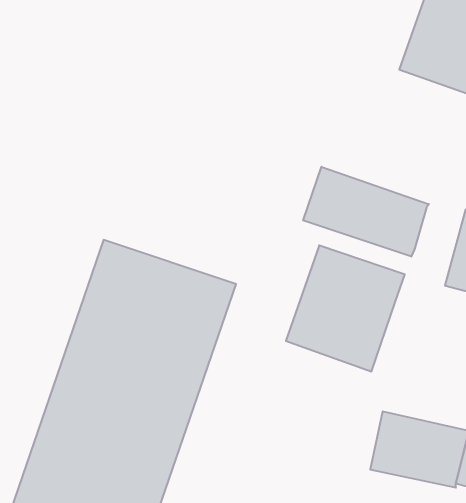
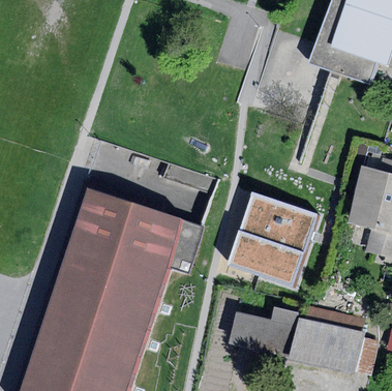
building: [303,167,429,257] -> none
building: none -> [230,307,295,356]

